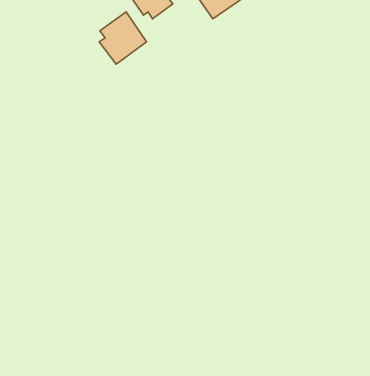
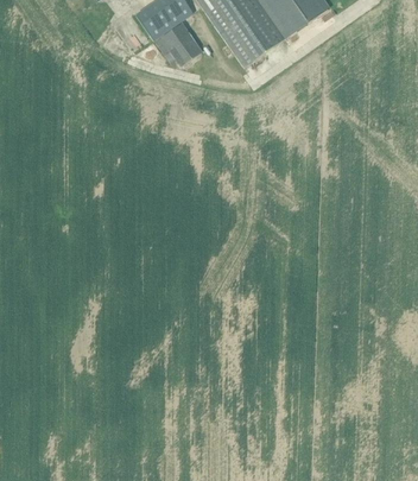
building: [99,12,147,64] -> none

